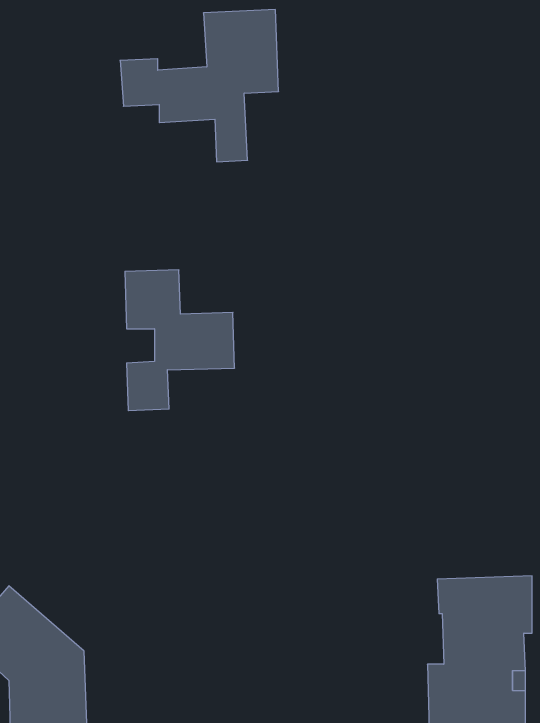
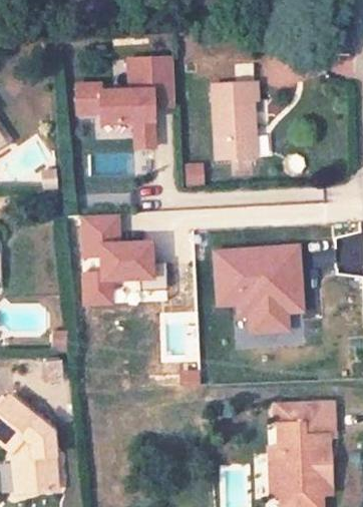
building: none -> [212,81,256,163]
building: none -> [214,244,303,329]

